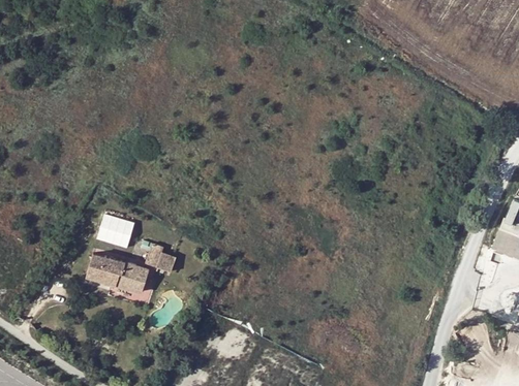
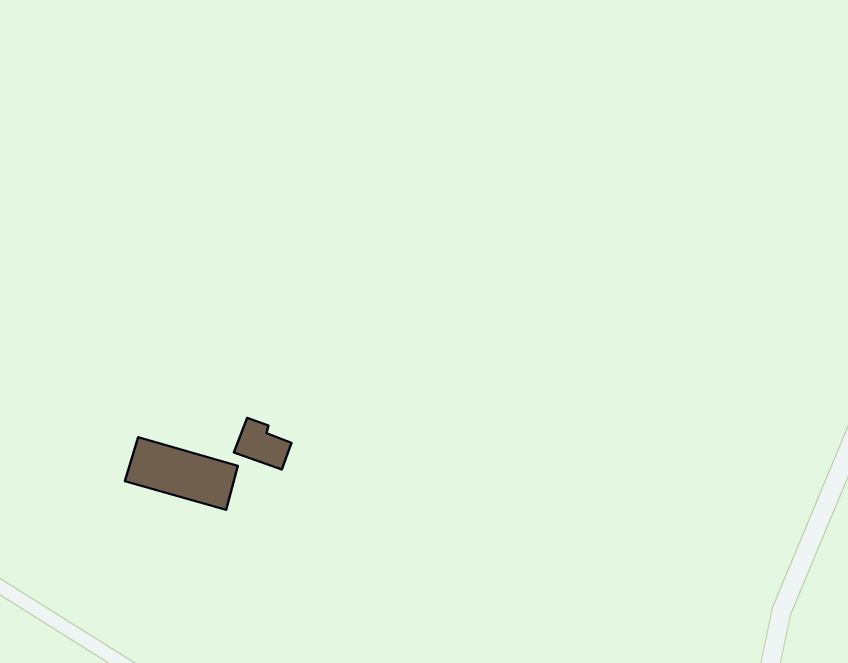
building: [103,215,141,249] -> none

